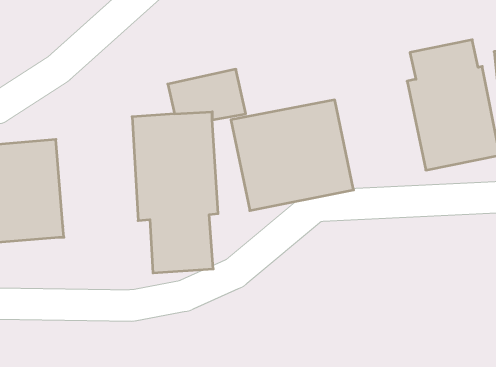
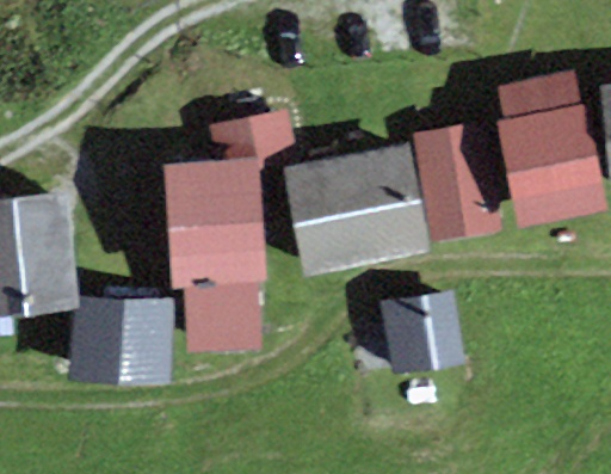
building: none -> [414,121,502,240]
building: none -> [381,288,465,373]
building: none -> [68,296,174,383]

